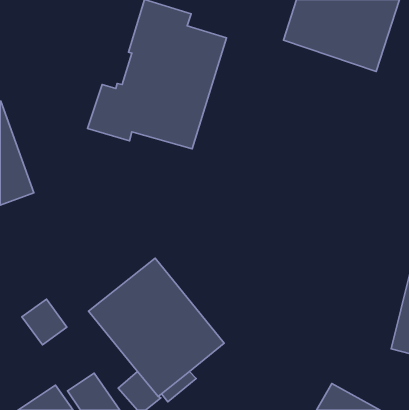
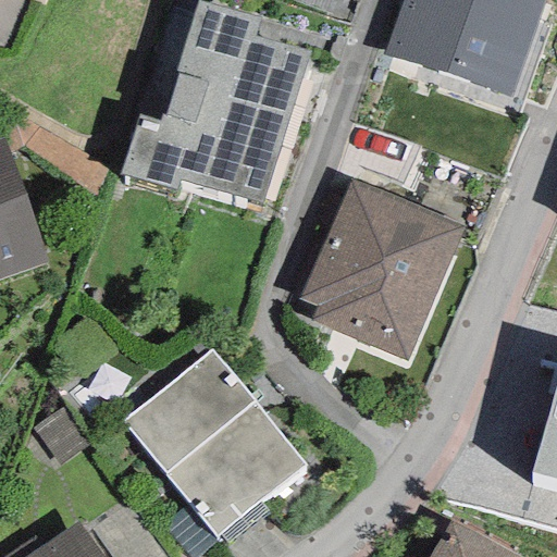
building: none -> [298,177,466,361]

